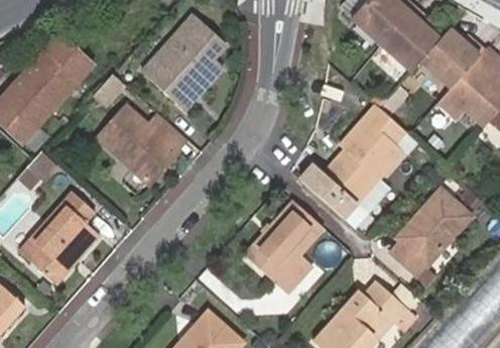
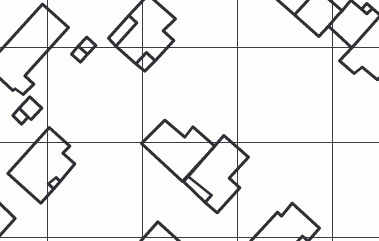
building: [300,103,405,219] -> none
building: [98,105,190,182] -> [141,120,215,181]
building: [392,190,470,268] -> none

